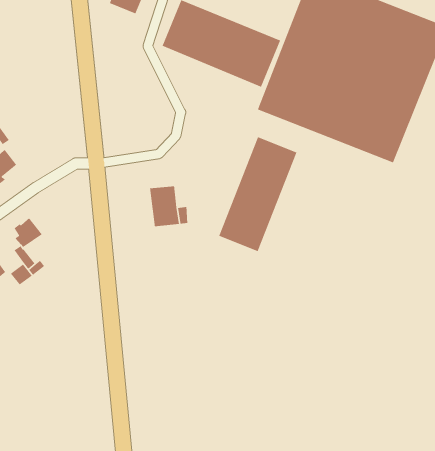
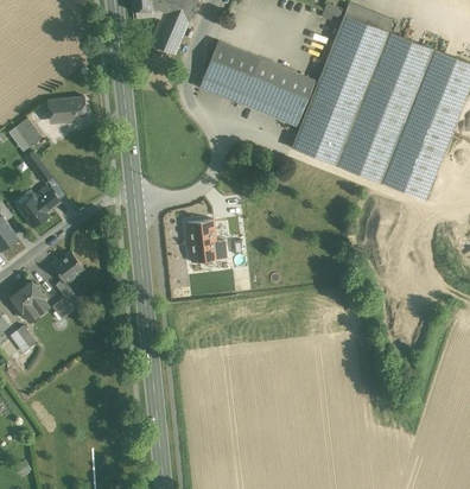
building: none -> [47,96,85,122]
building: [218,136,297,252] -> none

